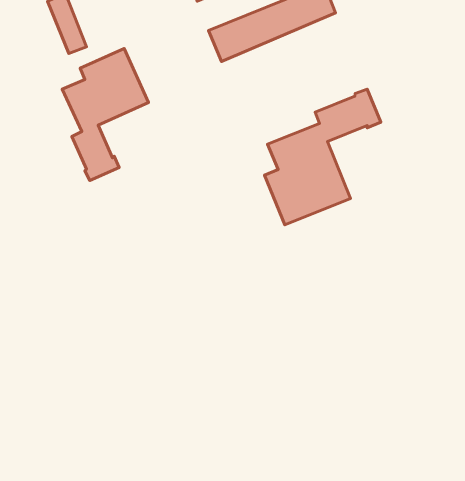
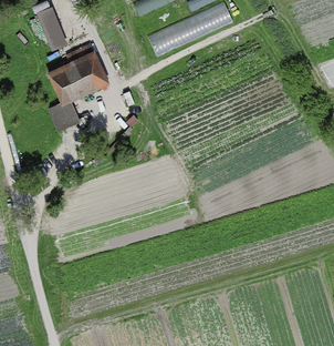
building: [265,89,381,225] -> none

